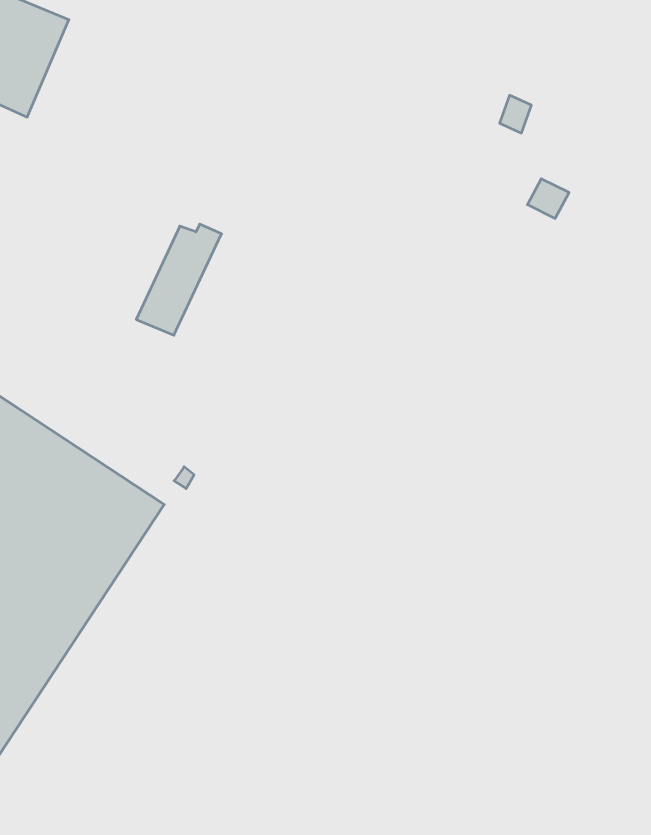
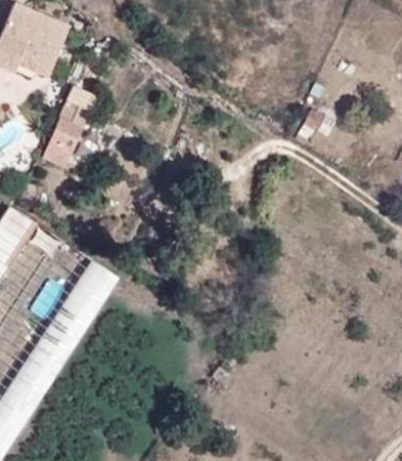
building: [136,224,222,335] -> [43,108,87,165]

